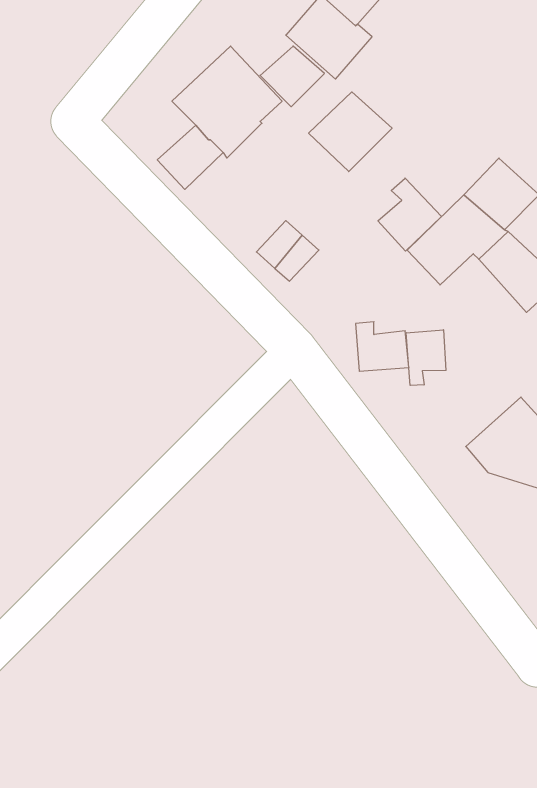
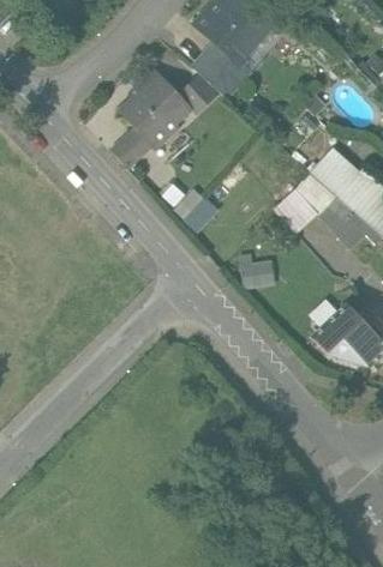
building: [309,92,392,172] -> none
building: [378,178,442,251] -> none
building: [406,330,446,385] -> none

